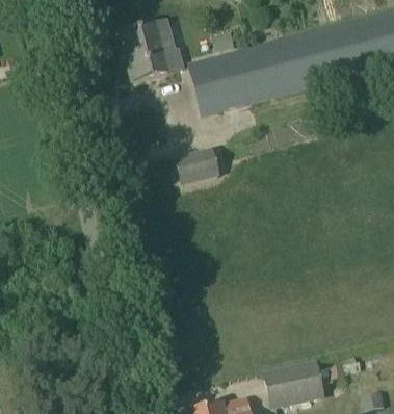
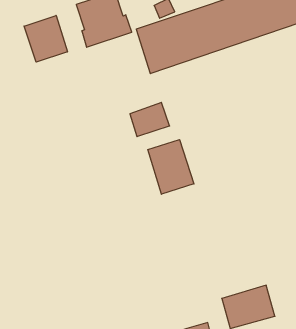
building: none -> [24,15,67,62]
building: none -> [148,140,194,194]

